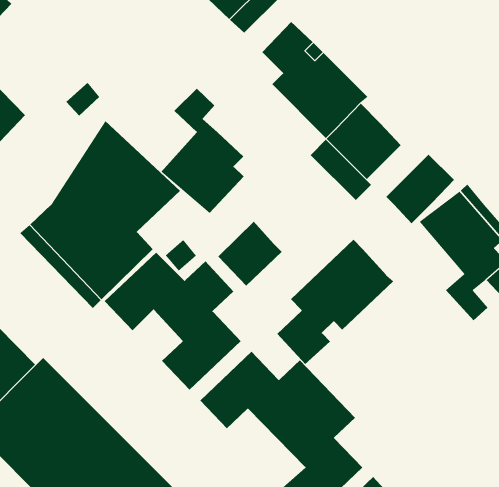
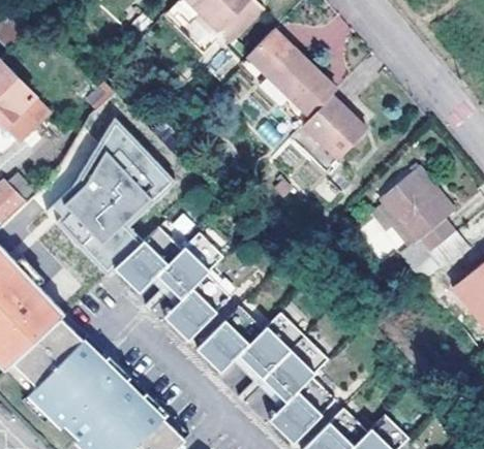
building: [160,88,245,214] -> none
building: [386,154,455,224] -> none
building: [218,221,282,287] -> none
building: [277,239,394,365] -> none

